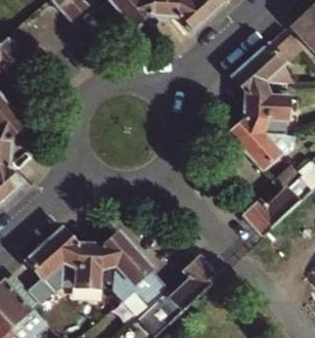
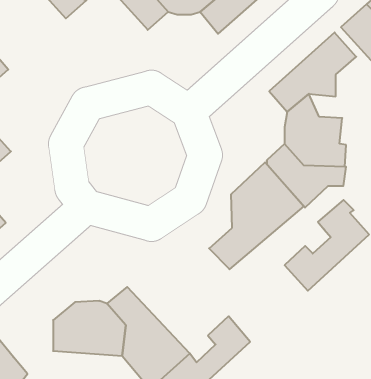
building: none -> [209,162,304,269]
building: [26,228,76,302] -> none

